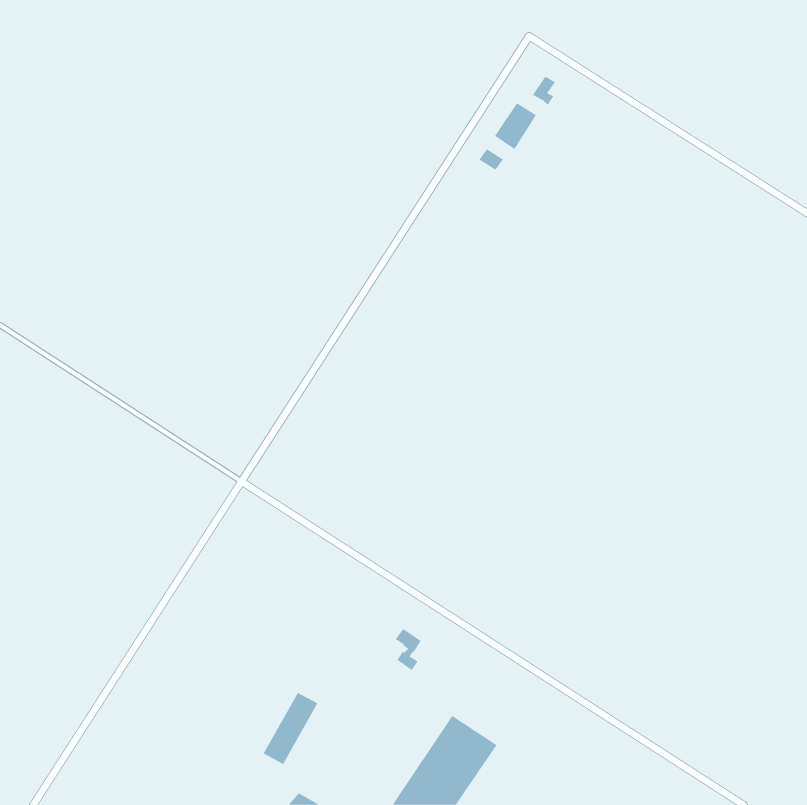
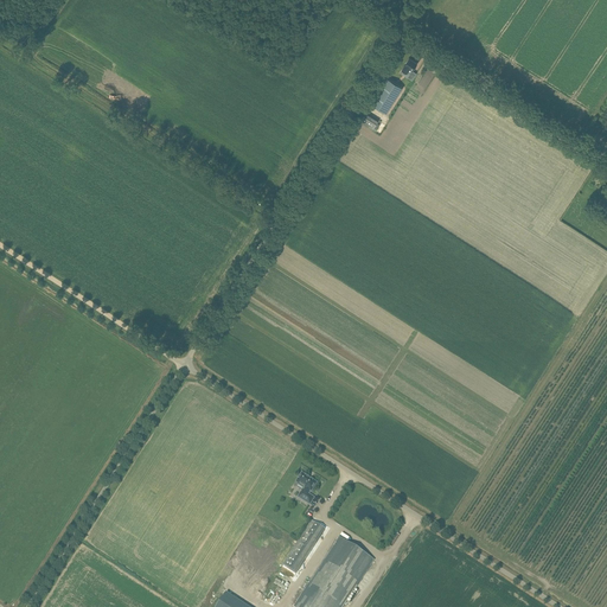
building: [263,692,318,765] -> [285,518,326,573]

